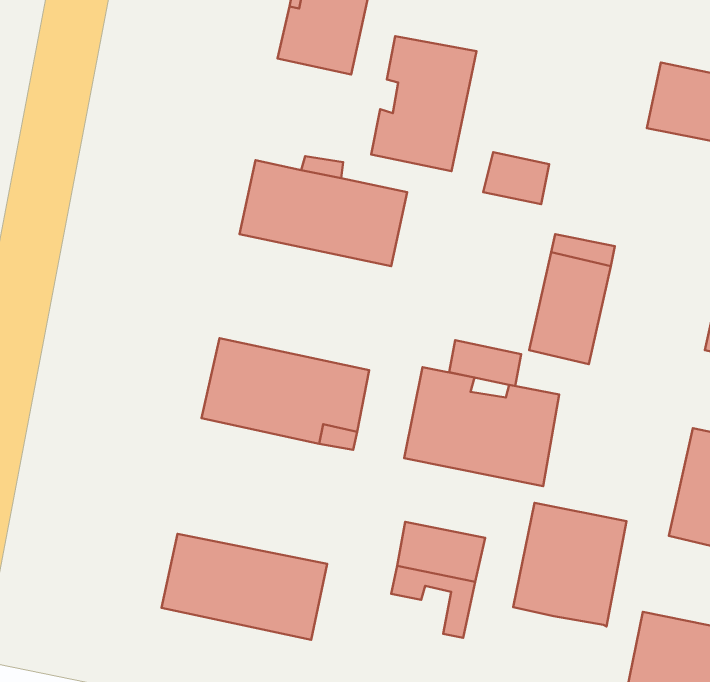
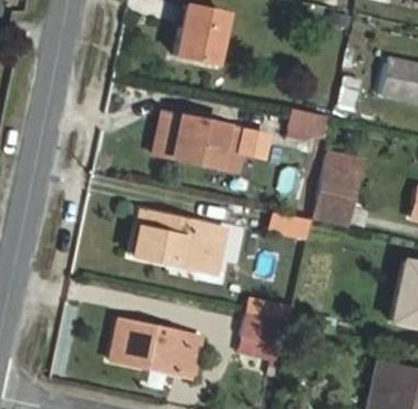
building: [371,36,477,171] -> none
building: [404,367,559,486] -> none
building: [513,503,626,627] -> none

